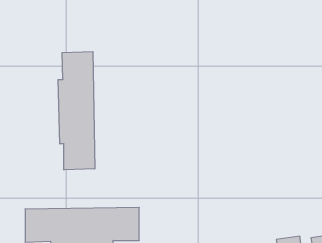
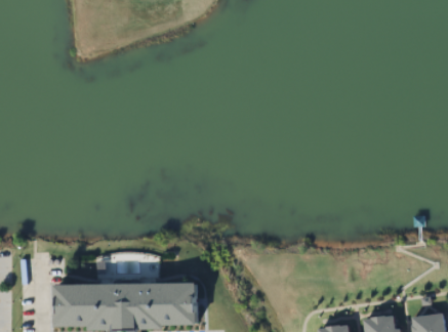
building: [58,52,95,170] -> none

